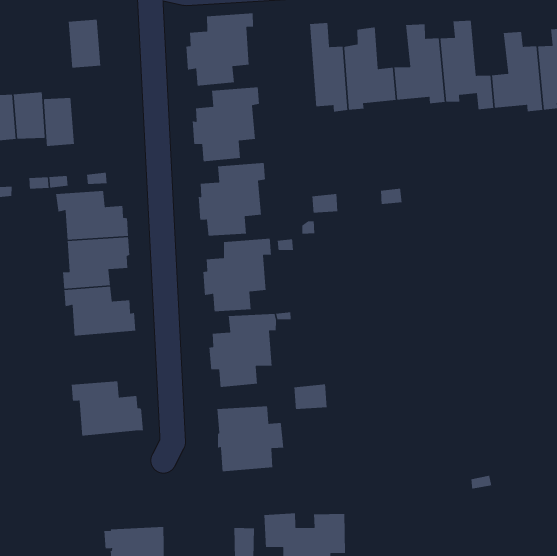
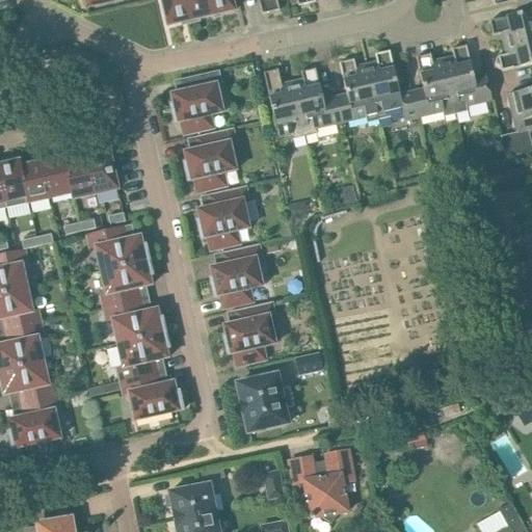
building: [68,19,101,68] -> [87,152,118,193]
building: none -> [117,331,168,380]

